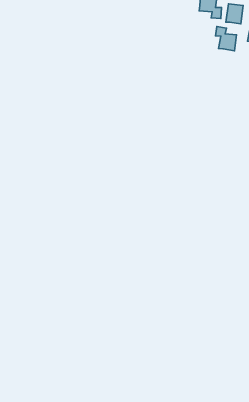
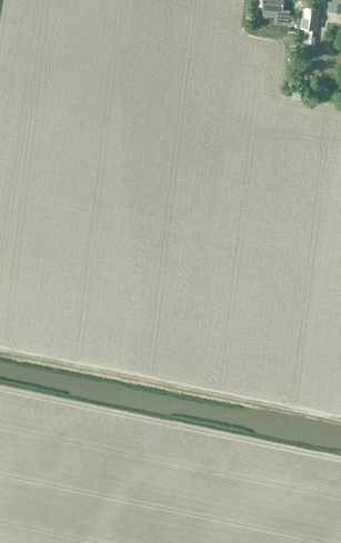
building: [215,26,237,51] -> none

